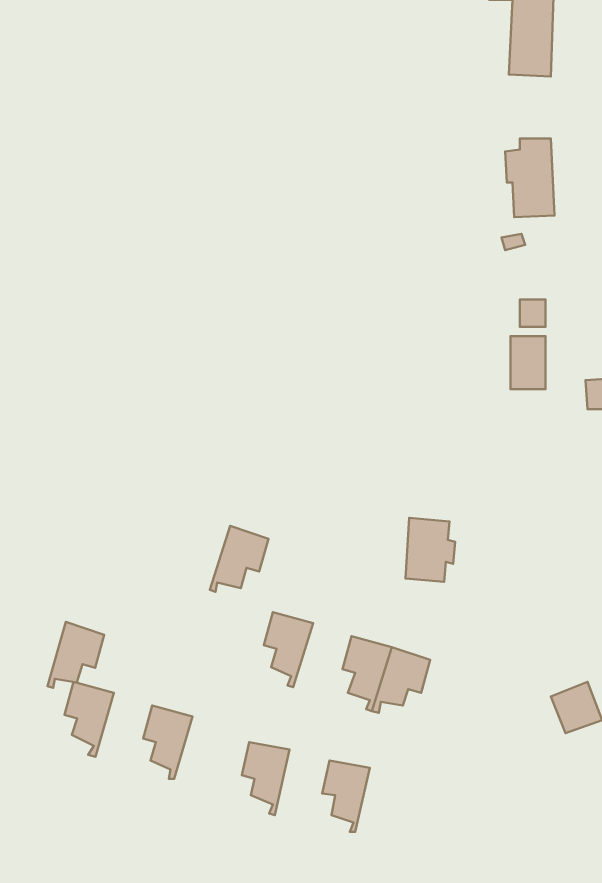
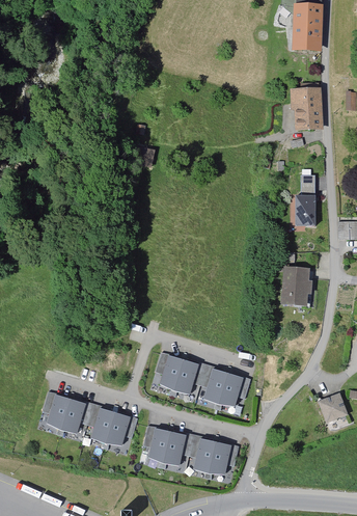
building: [406,518,455,582] -> [283,268,311,304]
building: [210,526,268,592] -> [172,359,205,397]
building: [48,622,104,688] -> [60,399,92,436]
building: none -> [105,412,137,450]
building: none -> [162,431,193,468]
building: none -> [208,441,239,479]

